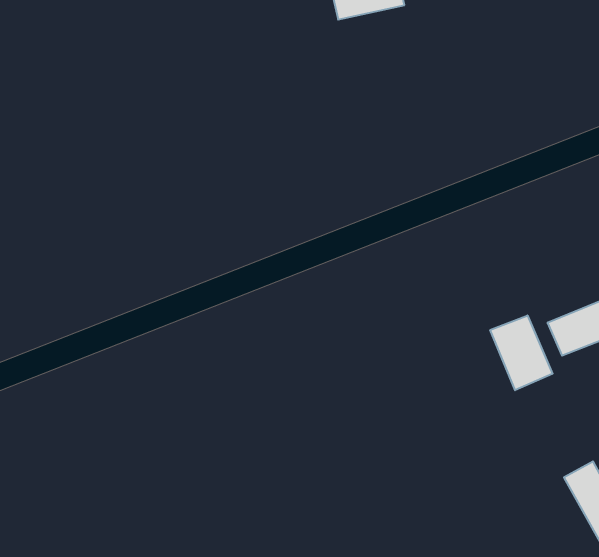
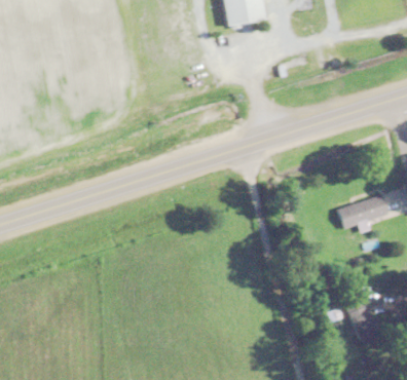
building: [490,315,553,390] -> none

